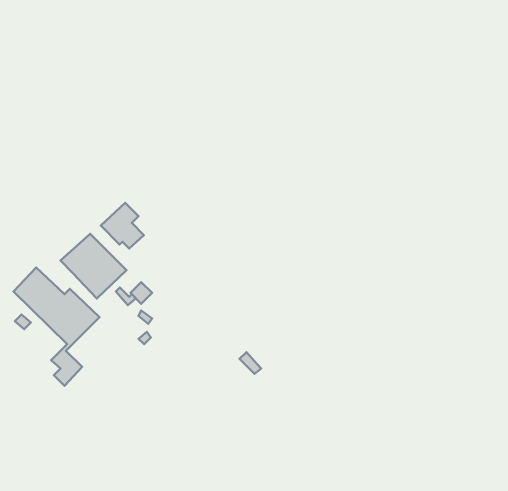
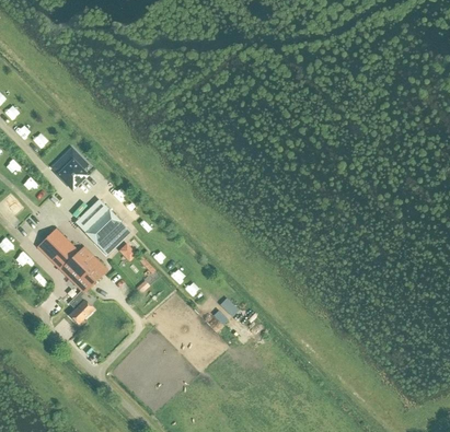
building: [101,203,144,248] -> [53,148,88,185]

